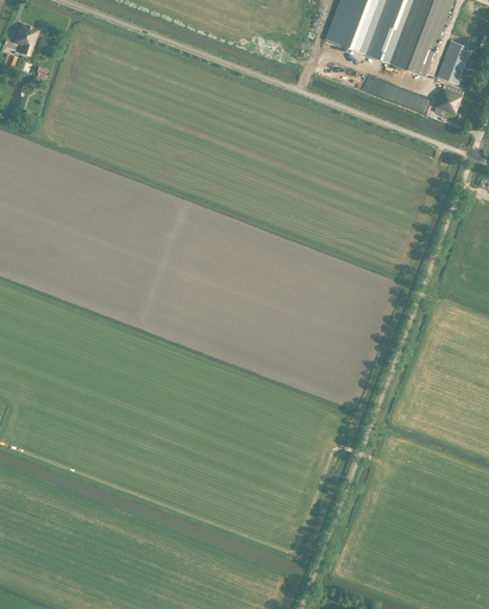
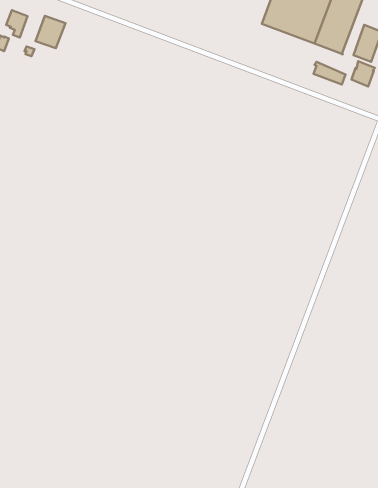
building: none -> [35,16,65,48]

